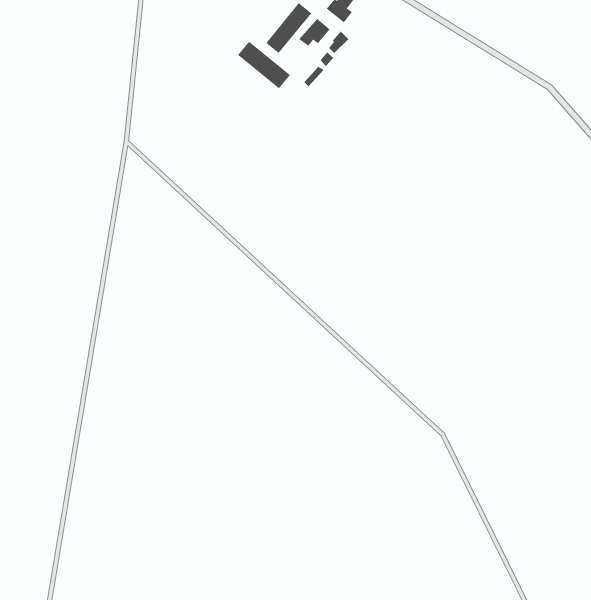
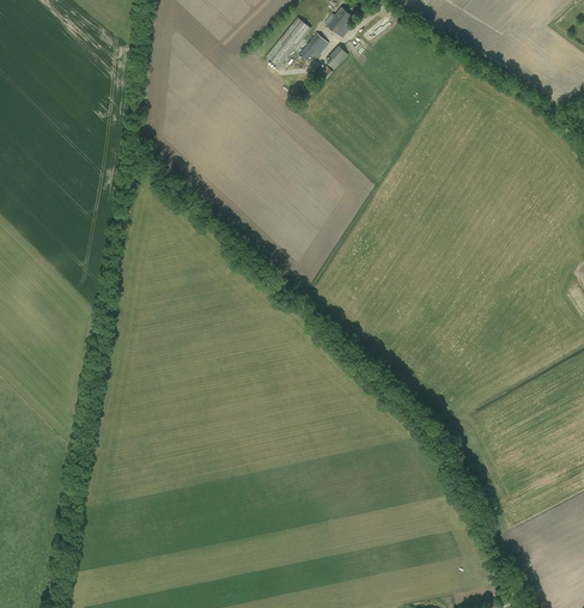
building: [237,41,291,89] -> none

